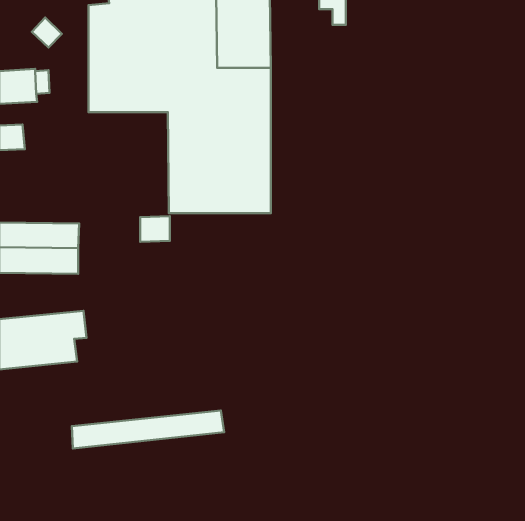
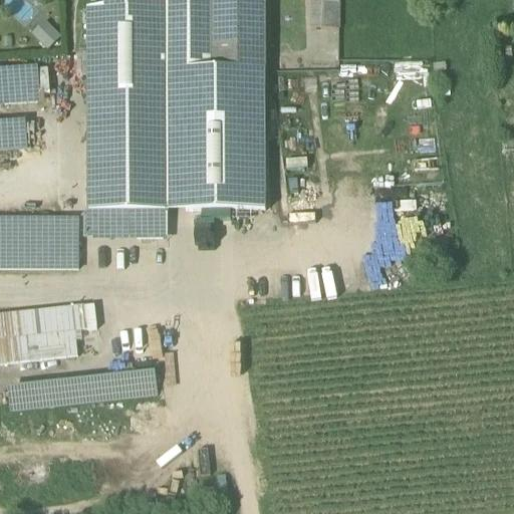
building: none -> [86,109,165,208]
building: none -> [83,212,137,232]
building: [72,411,224,449] -> [8,372,157,410]

